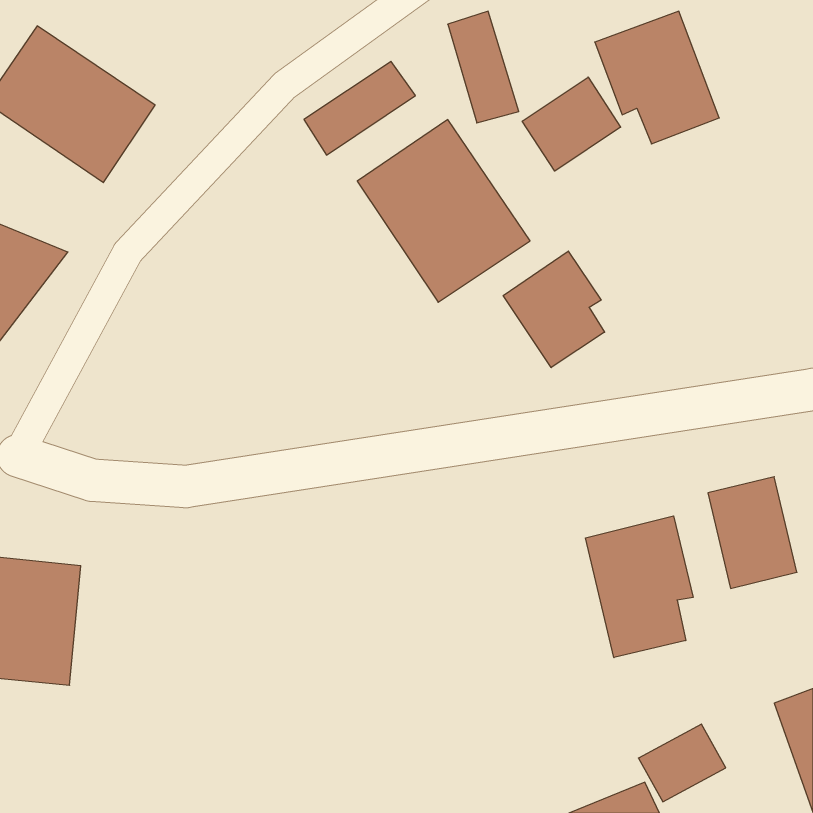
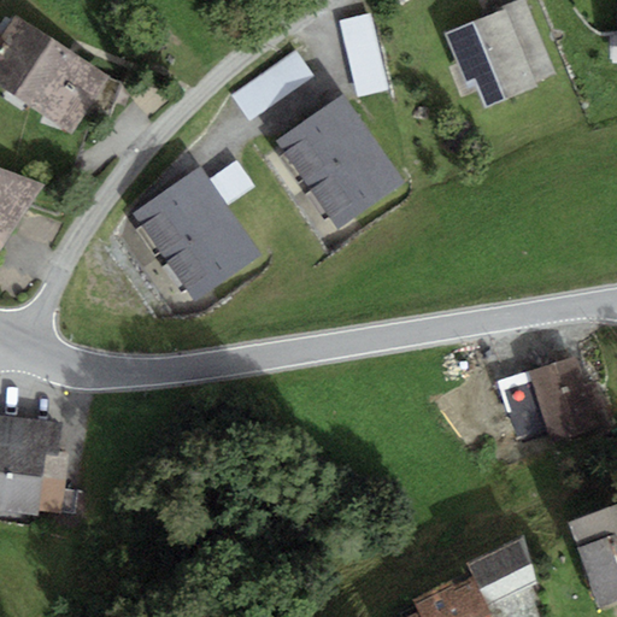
building: [522,77,621,171] -> none
building: none -> [134,166,268,304]
building: [503,251,605,368] -> none
building: [586,516,693,658] -> none

